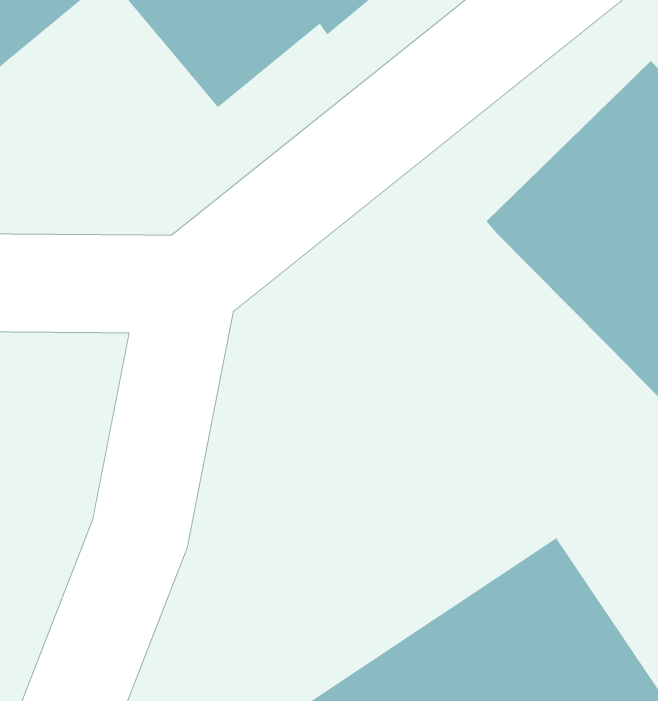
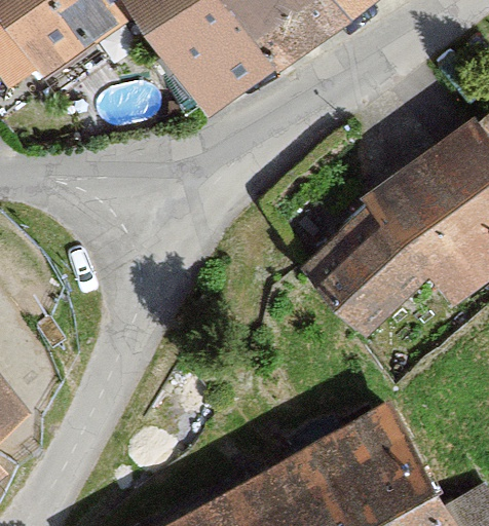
building: none -> [299,198,427,334]

